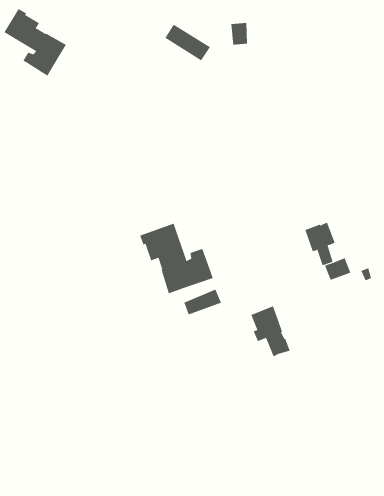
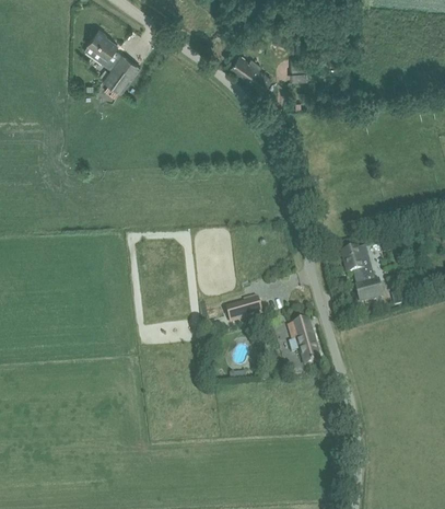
building: [140,223,214,294] -> none

